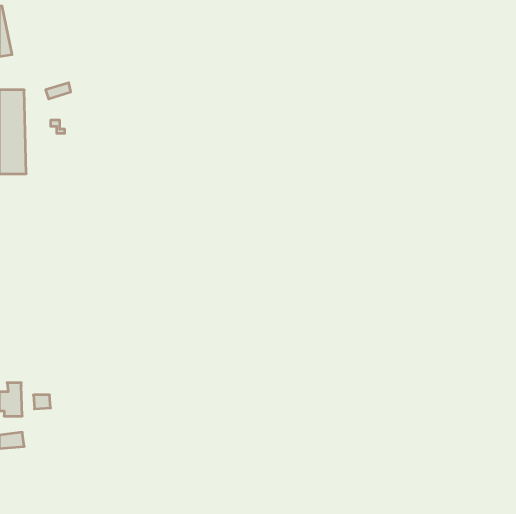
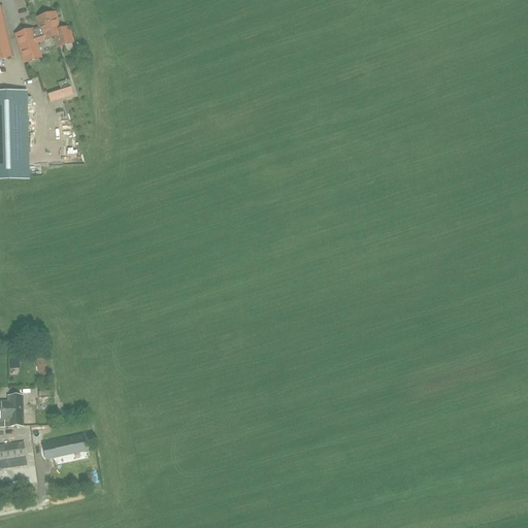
building: none -> [14,11,72,61]
building: none -> [41,433,86,457]

